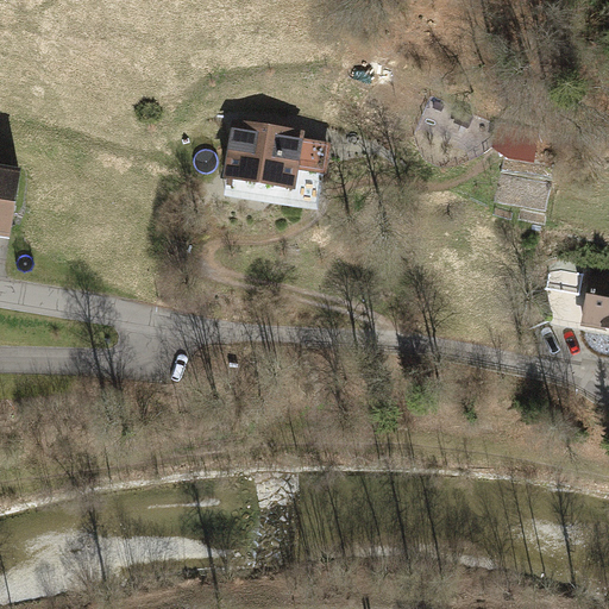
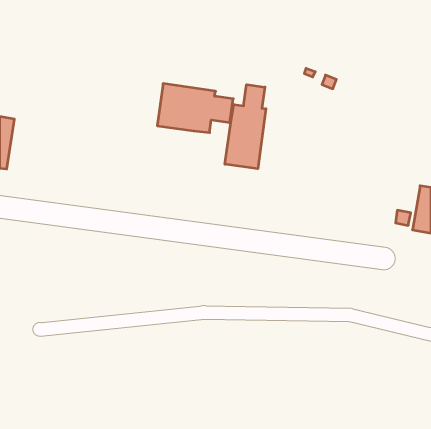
building: none -> [225,85,266,169]

